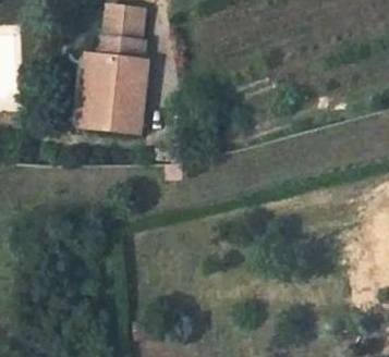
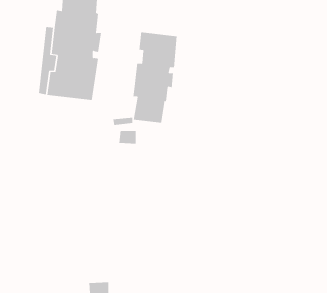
building: none -> [133,32,177,123]

